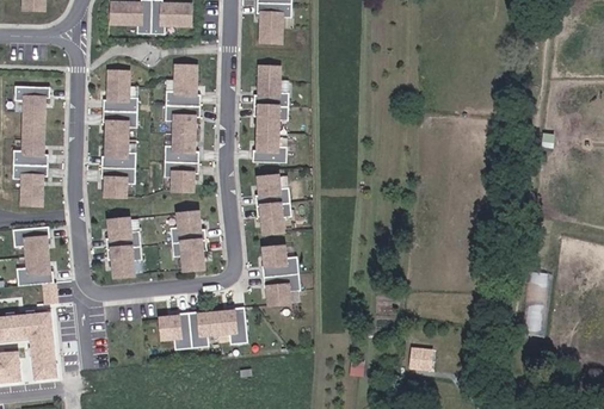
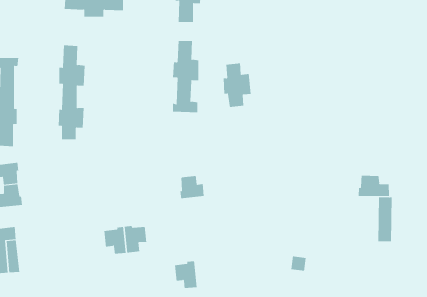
building: [162,64,199,191] -> none
building: [255,173,294,233] -> [223,63,251,107]
building: [170,211,207,269] -> none
building: [105,218,143,277] -> none
building: none -> [358,175,389,197]
building: [264,272,298,304] -> none
building: [217,306,248,343] -> [174,261,197,288]

